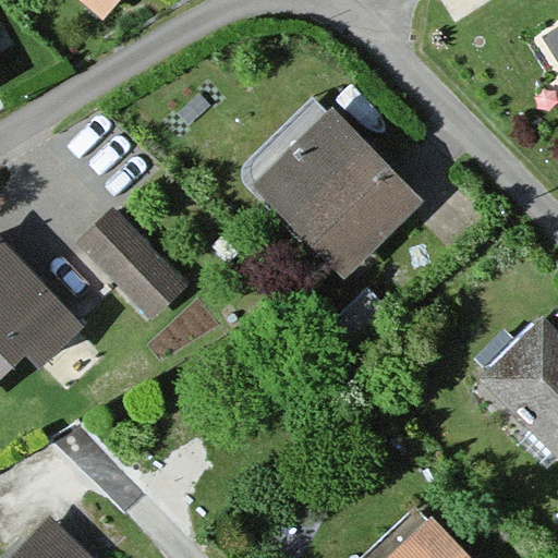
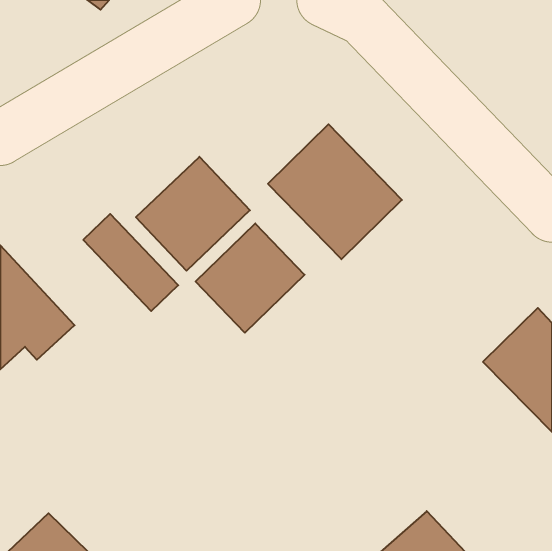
building: none -> [136,157,250,271]
building: none -> [196,223,305,333]

